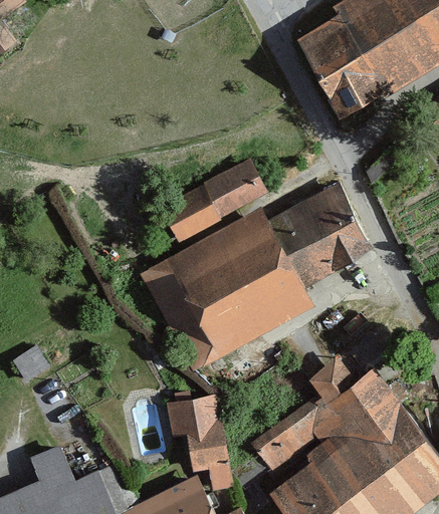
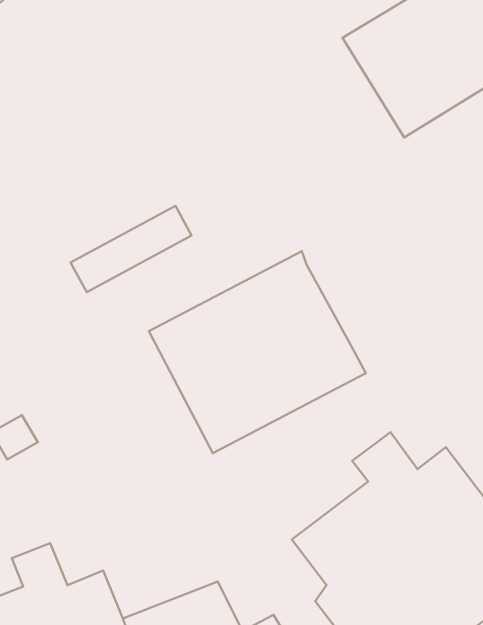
building: [173,170,271,240] -> [71,206,191,292]
building: [268,182,373,285] -> none
building: [165,393,236,488] -> none

